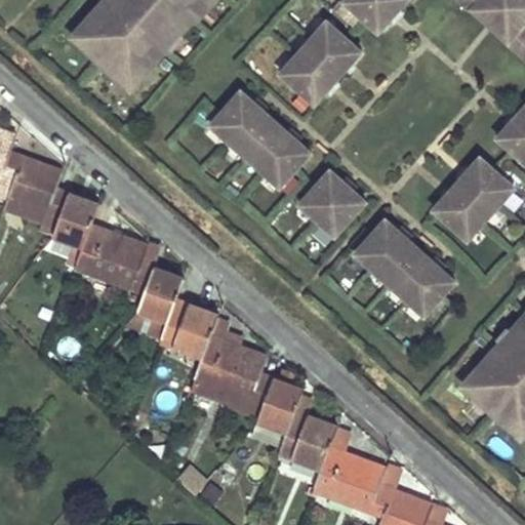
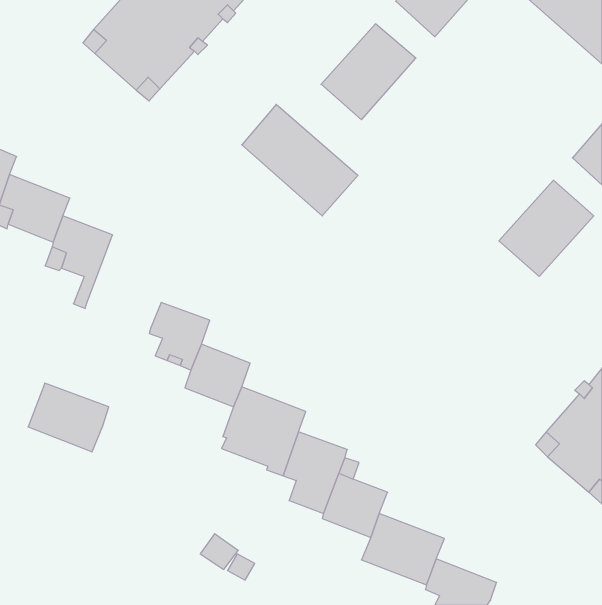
building: [298,169,365,236] -> none
building: [354,218,454,315] -> none
building: [75,225,145,284] -> [28,383,109,452]

